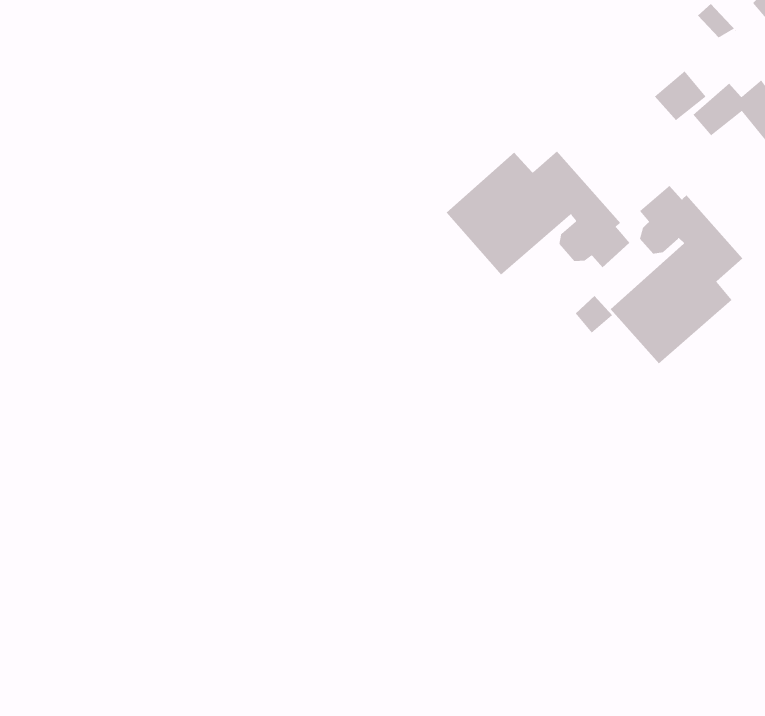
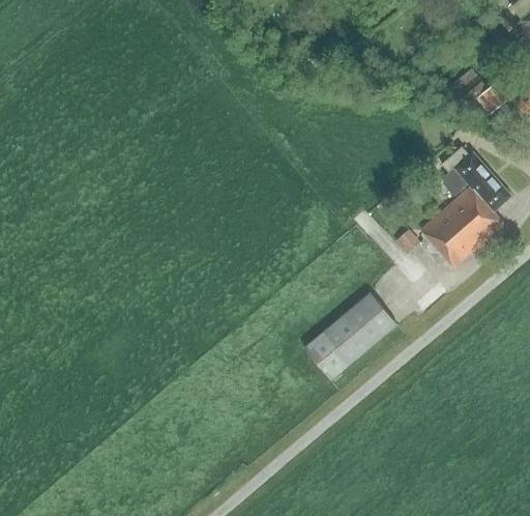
building: [446,150,630,275] -> none
building: none -> [301,292,395,381]

